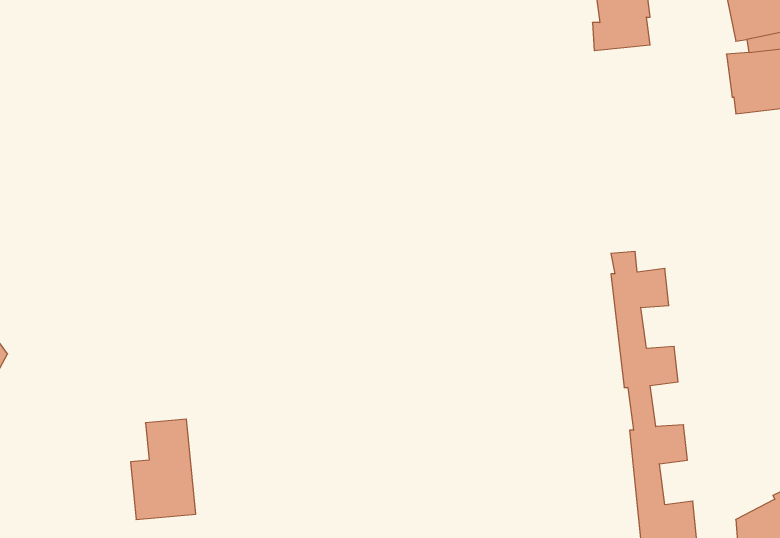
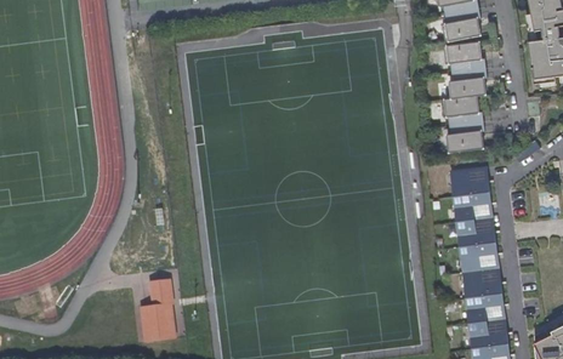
building: none -> [438,39,484,152]

